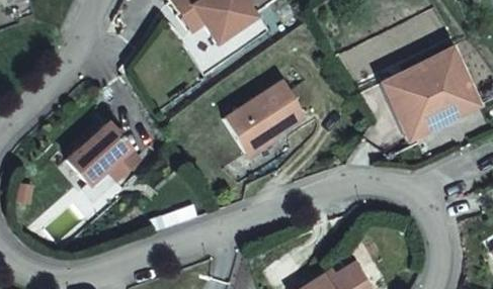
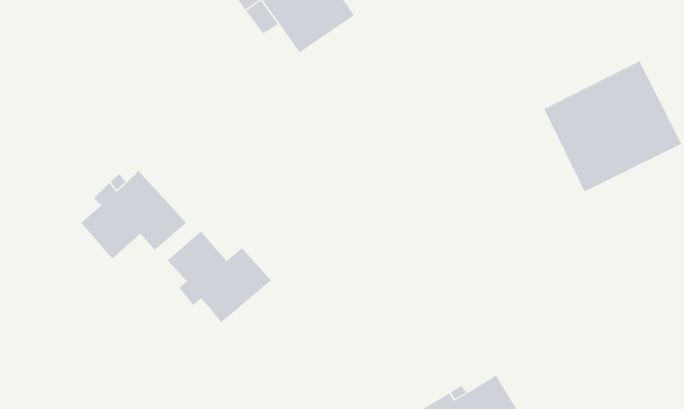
building: [224,80,307,154] -> none
building: none -> [167,230,272,323]

